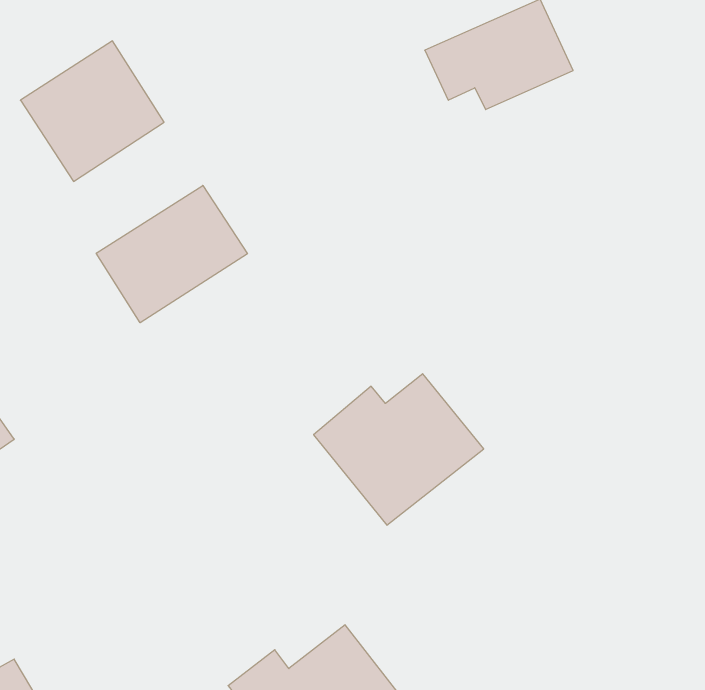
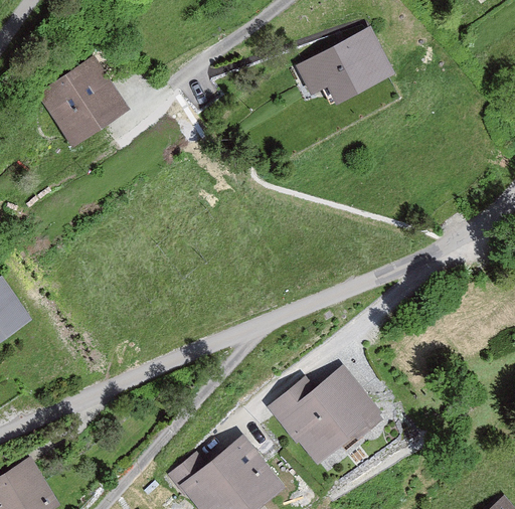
building: [96,185,247,323] -> none
building: [314,374,484,525] -> [271,369,380,467]

